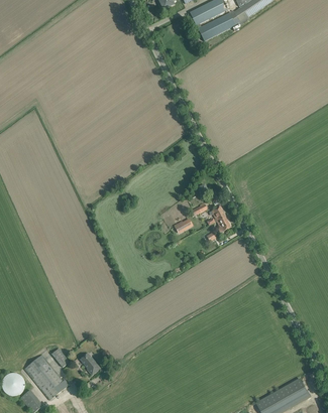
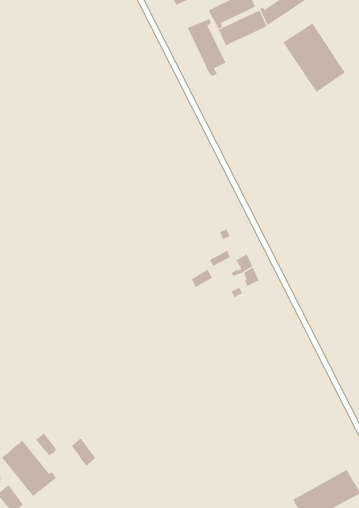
building: none -> [187,18,226,77]
building: none -> [282,23,346,93]

